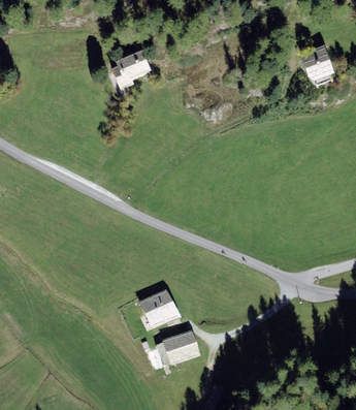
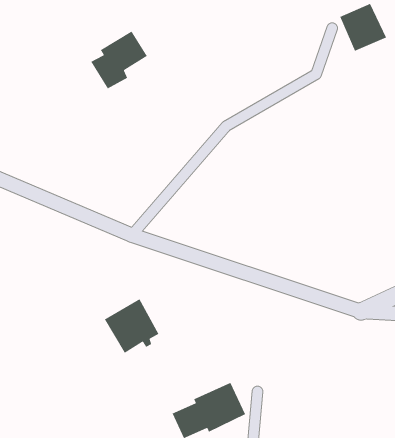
building: [138,286,180,327] -> [104,298,159,354]

